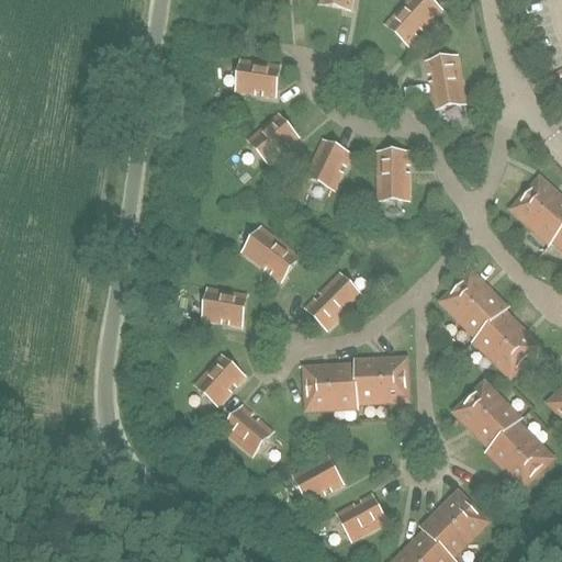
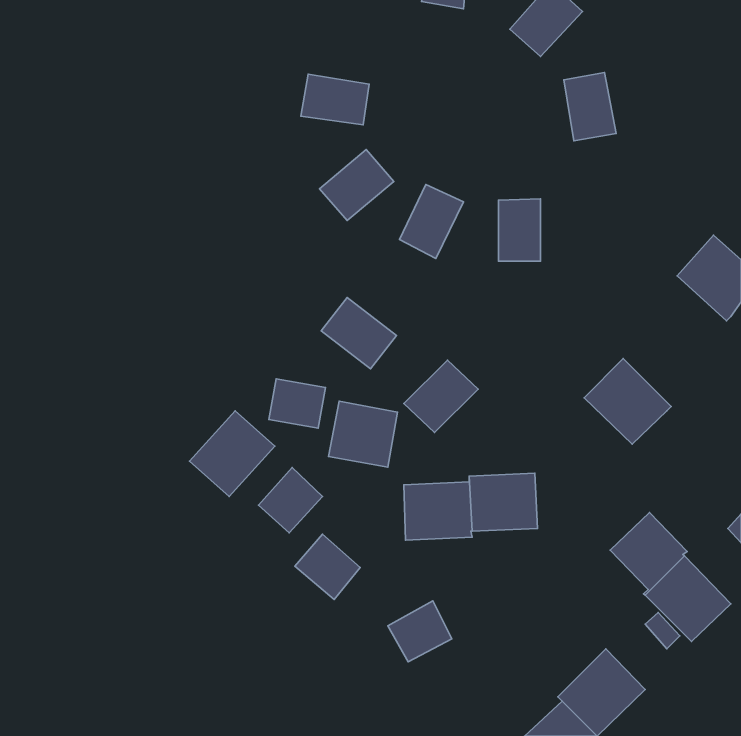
building: none -> [329,401,397,467]
building: [474,311,539,375] -> none
building: none -> [189,411,275,497]
building: [338,494,387,540] -> none

